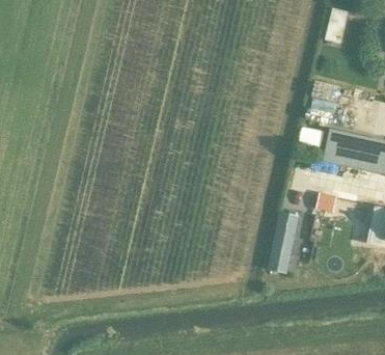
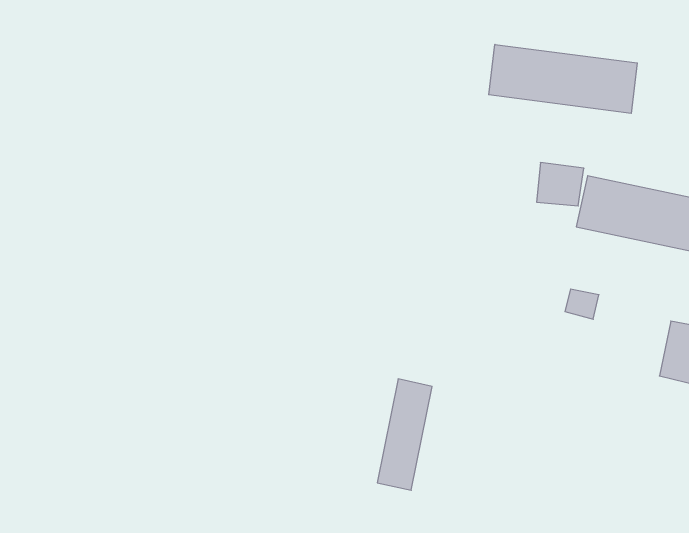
building: none -> [489,44,637,113]
building: [268,210,298,271] -> [377,379,432,490]

